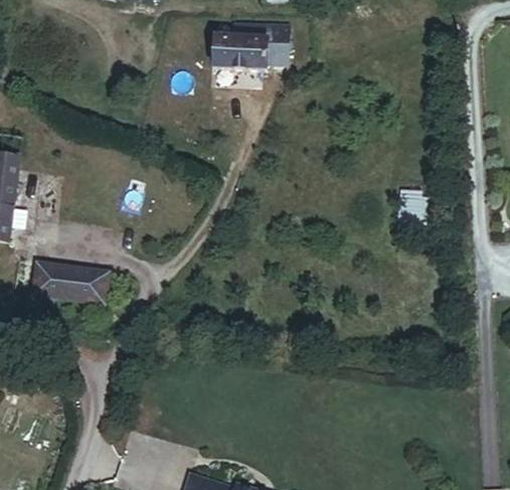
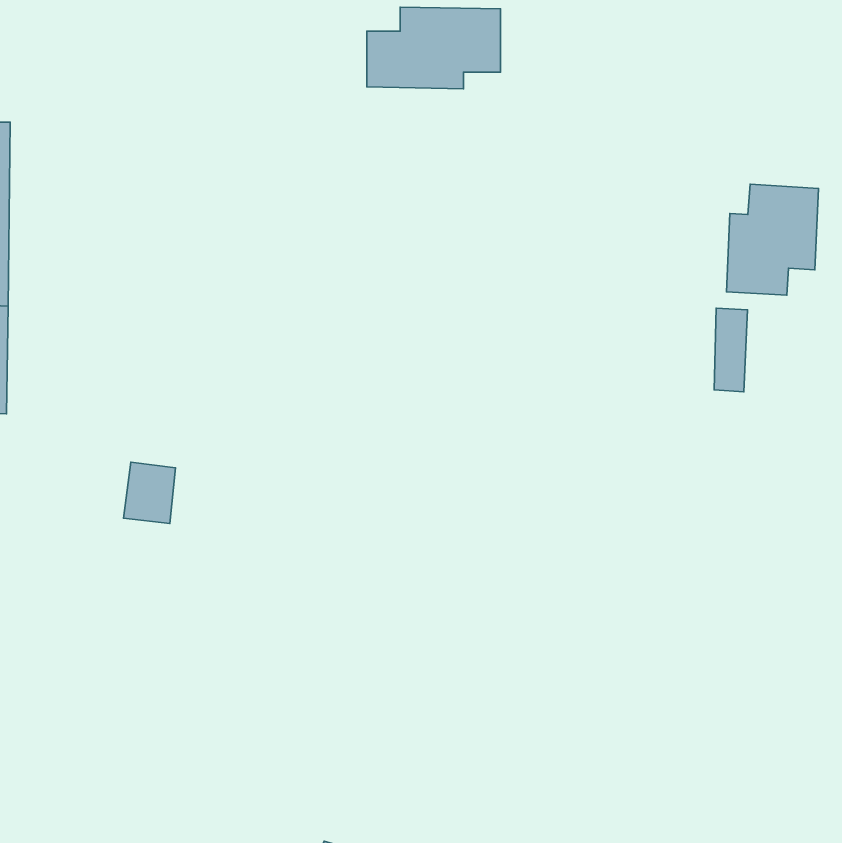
building: none -> [726,184,818,295]
building: [32,261,81,296] -> none

